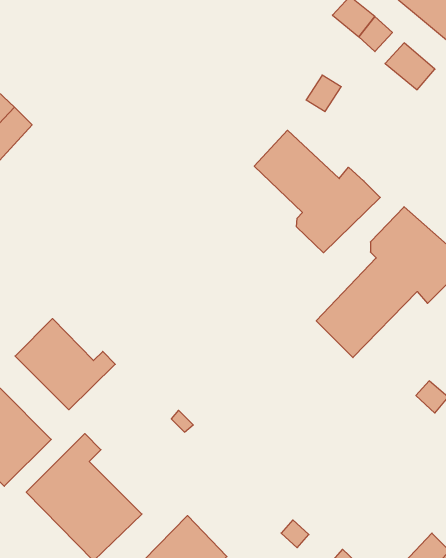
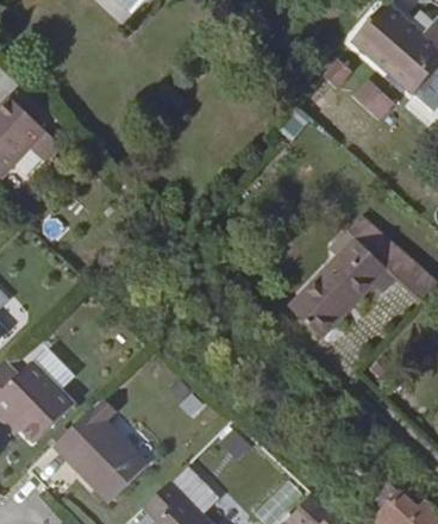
building: [254,130,380,253] -> none
building: [15,319,115,410] -> none

